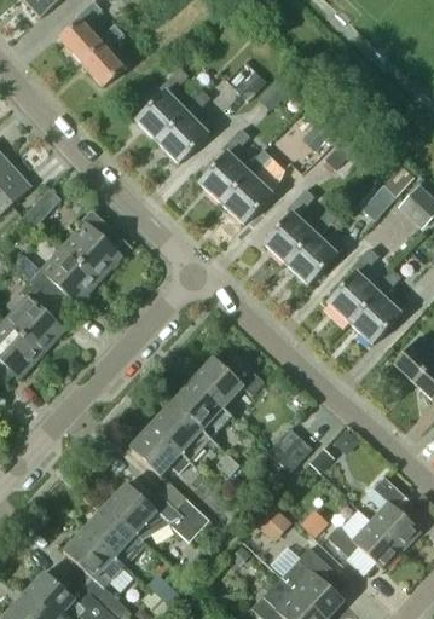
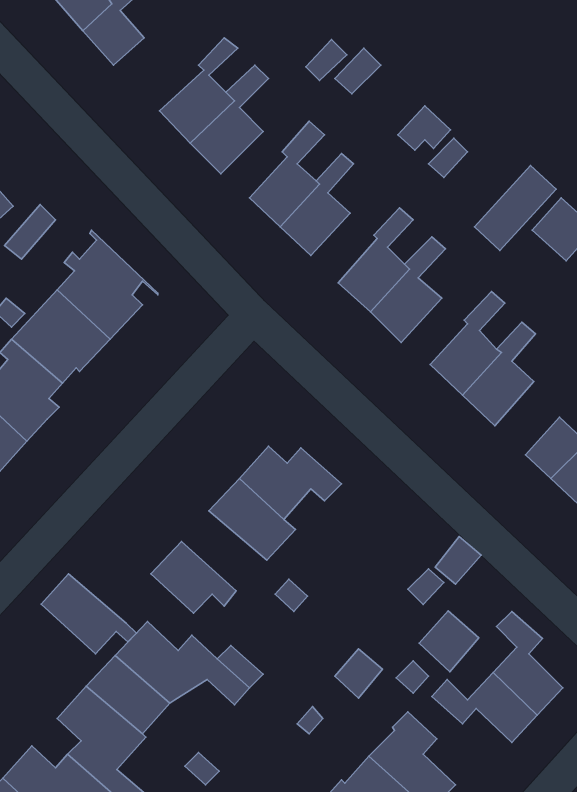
building: [150,404,218,461] -> [41,574,136,654]
building: [271,426,313,469] -> [419,611,479,672]

